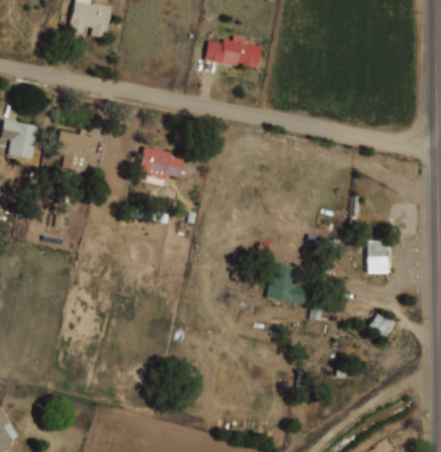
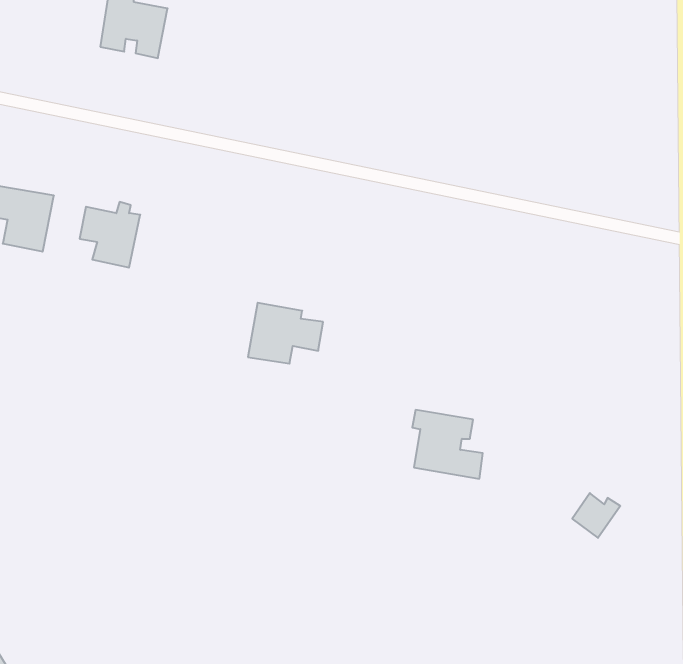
building: [205,37,261,68] -> none
building: [136,148,183,186] -> [248,303,323,364]
building: [364,242,392,273] -> none

